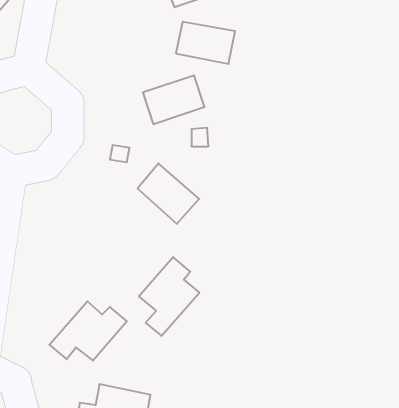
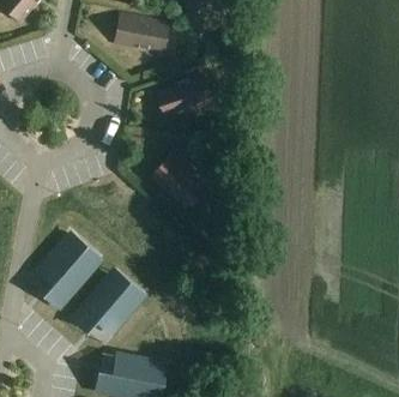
building: [176,22,235,64] -> [115,13,169,52]
building: [139,257,199,336] -> [38,235,93,307]

